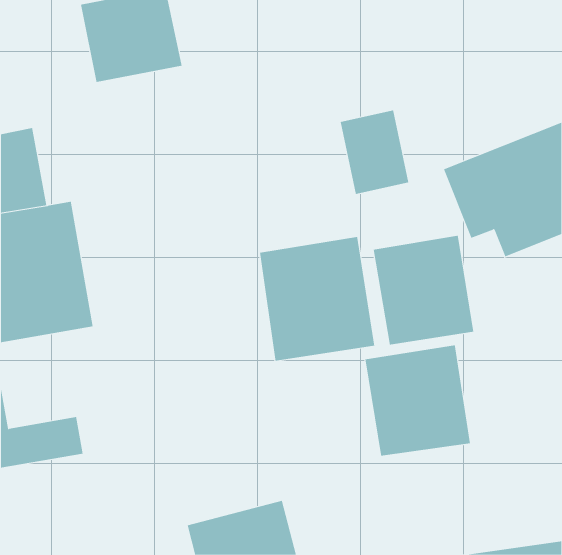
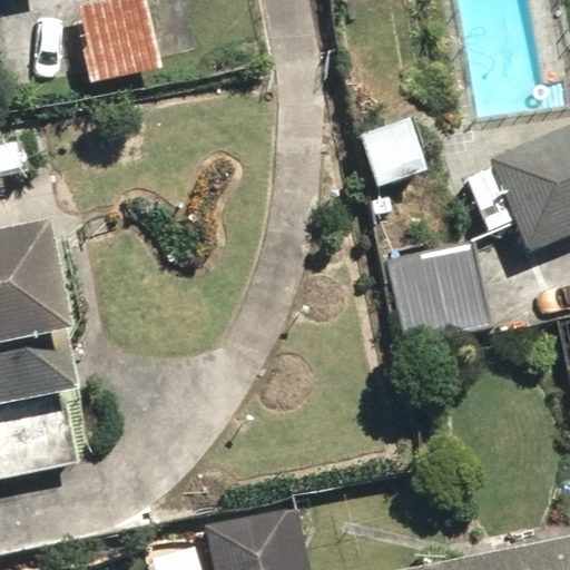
building: [259,236,375,361] -> none
building: [365,344,470,456] -> none

